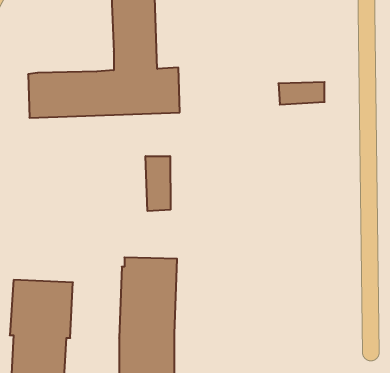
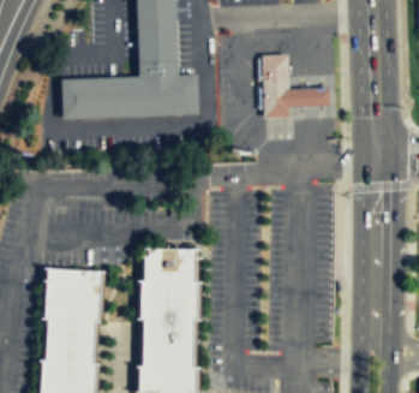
building: none -> [262,54,291,118]
building: [146,156,170,211] -> none

